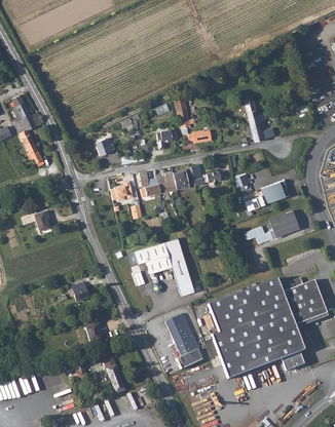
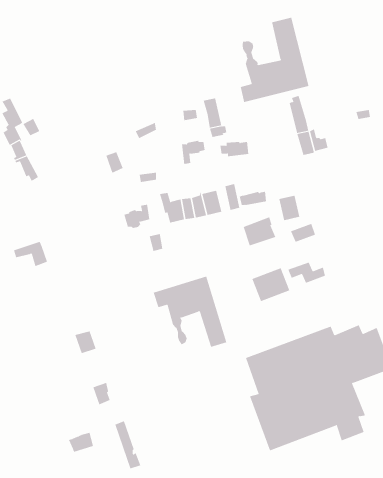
building: none -> [240,17,309,103]
building: [263,179,290,202] -> [243,217,276,246]
building: [269,209,300,237] -> [252,267,290,302]
building: [166,313,202,370] -> none

